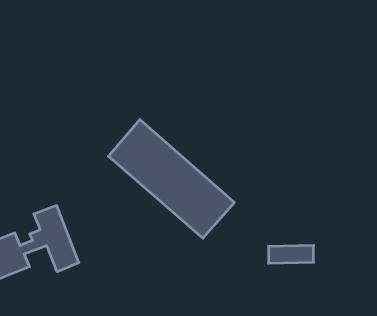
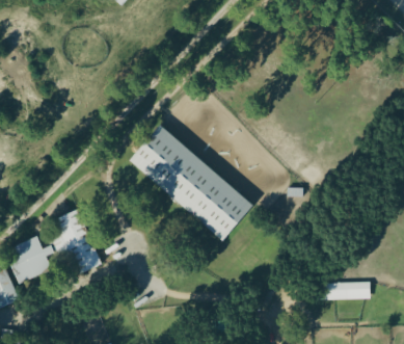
building: [268,245,314,263] -> [325,282,370,299]

